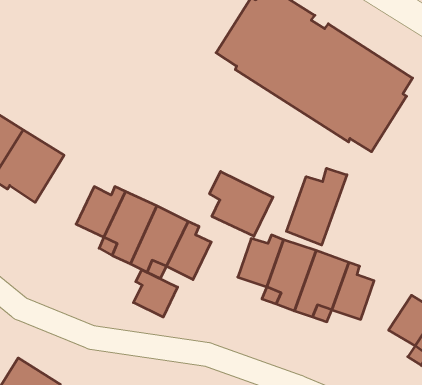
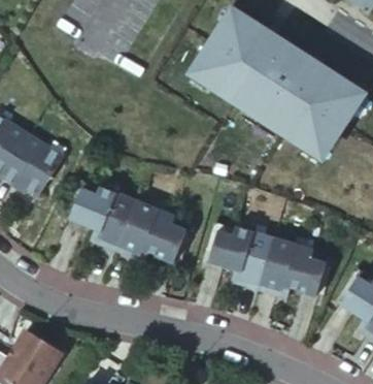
building: [286,168,347,245] -> none
building: [210,171,273,236] -> none
building: [133,270,178,317] -> none

